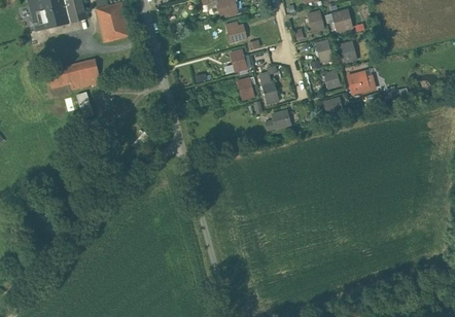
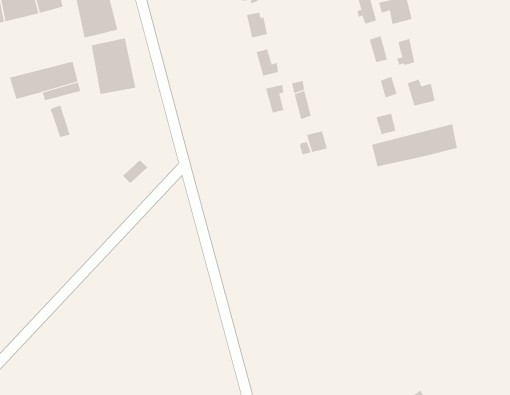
building: none -> [91,38,136,95]
building: none -> [372,123,457,167]

